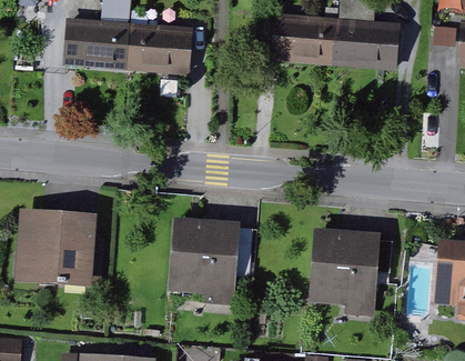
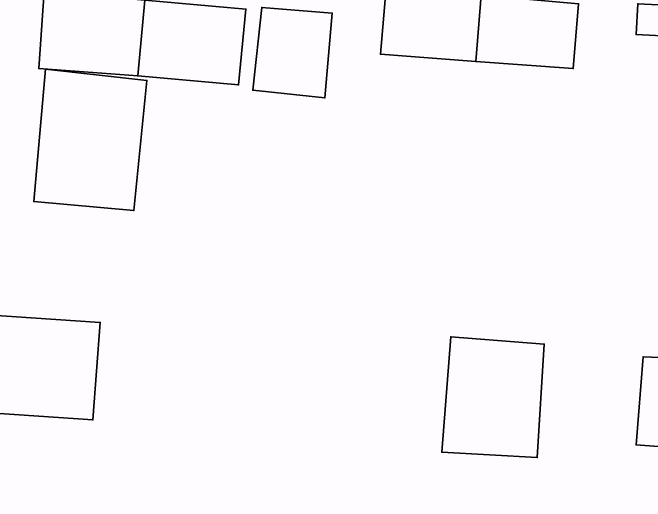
building: none -> [253,7,332,98]
building: none -> [34,69,147,210]
building: [174,224,243,294] -> none

